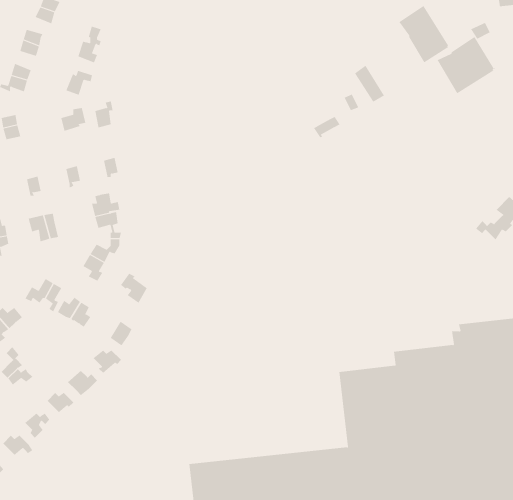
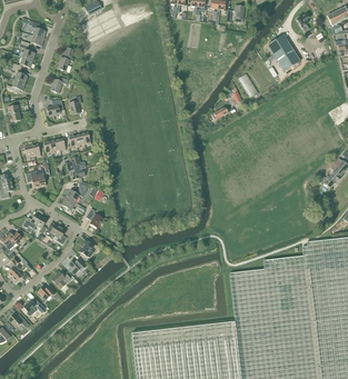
building: [437,36,495,94] -> none

